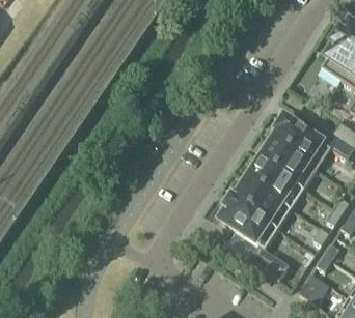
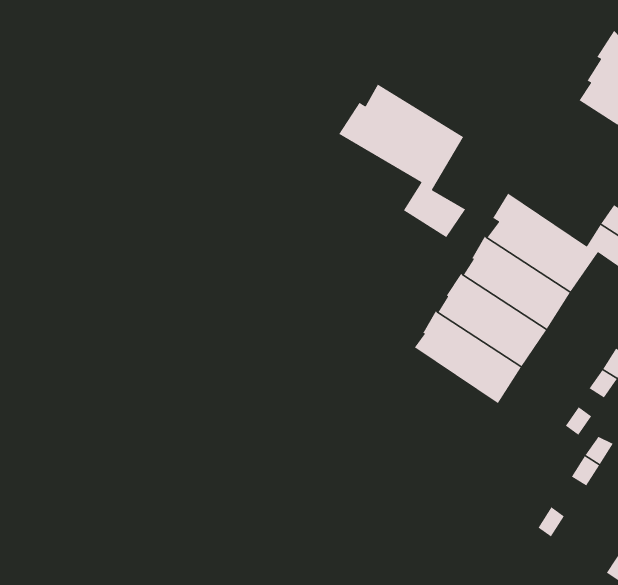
building: none -> [338,83,466,238]
building: [219,191,289,274] -> none

